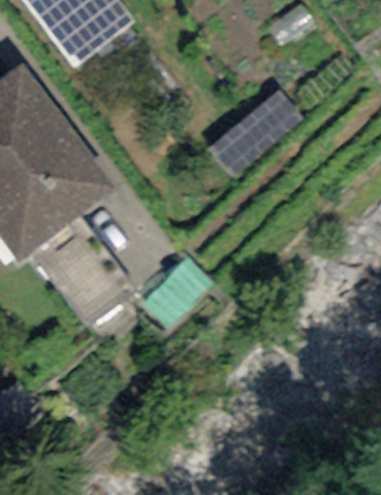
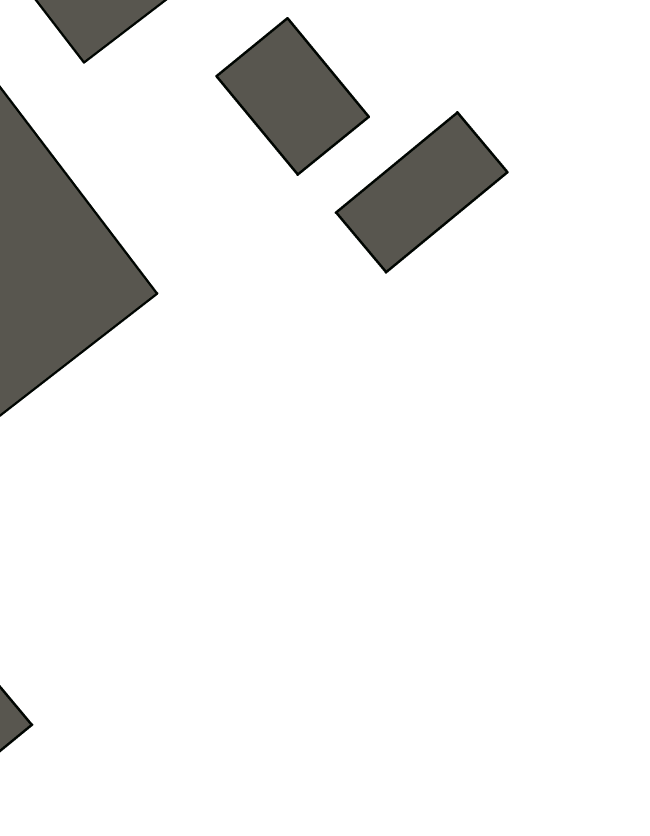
building: none -> [217,18,369,175]

